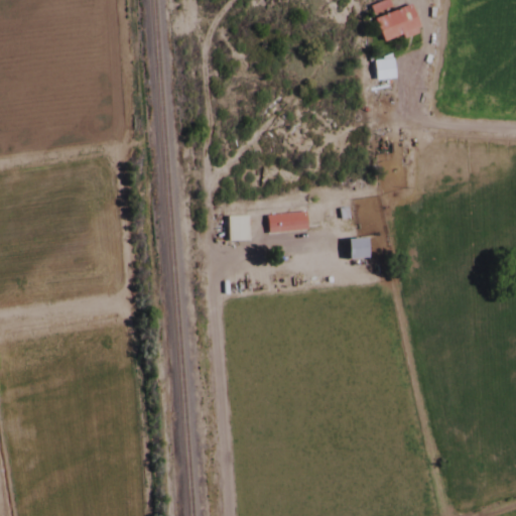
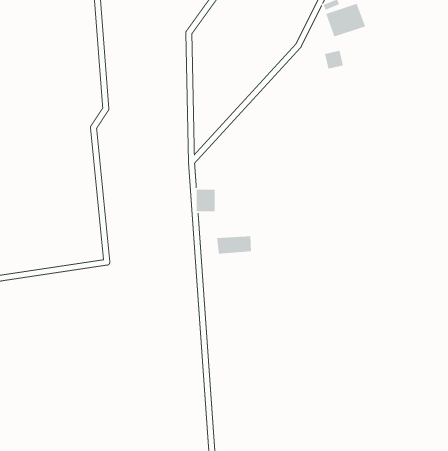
building: [269,211,309,232] -> [216,236,252,254]
building: [349,237,368,257] -> none

